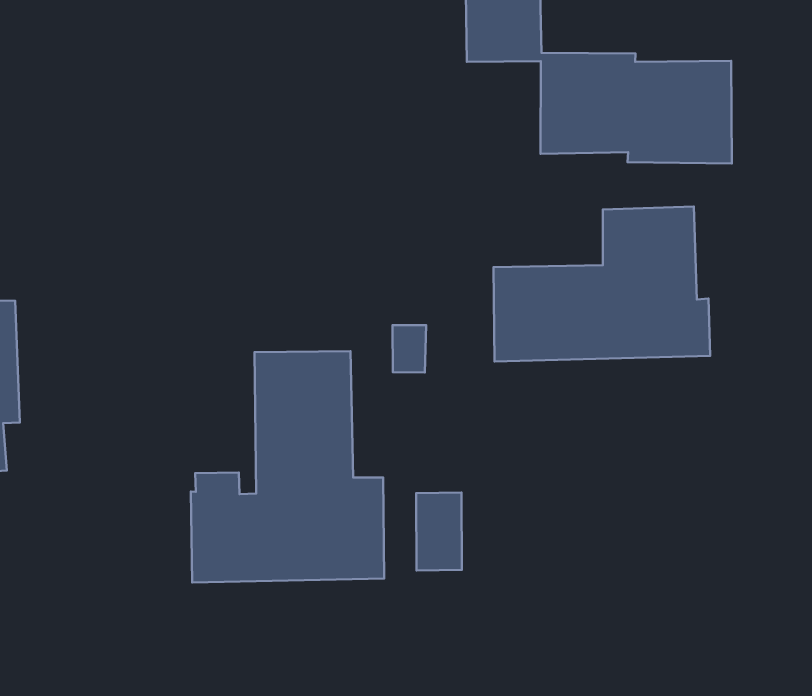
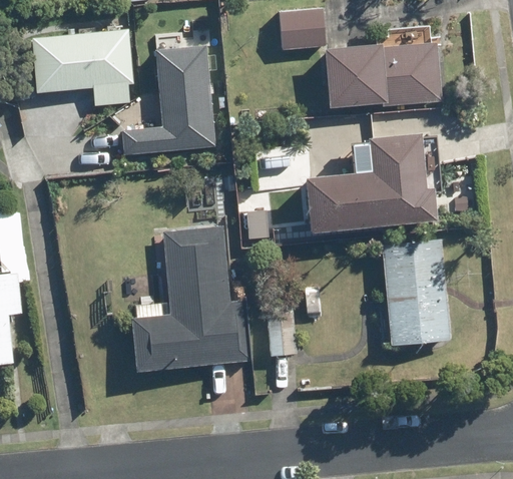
building: none -> [30,29,132,108]
building: none -> [120,46,214,154]
building: none -> [382,242,450,347]

